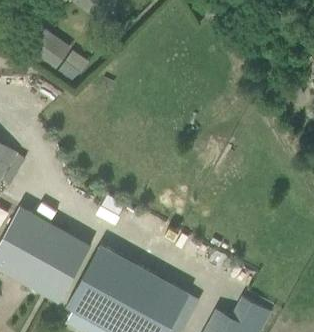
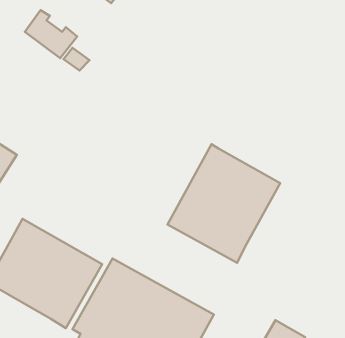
building: none -> [167,144,280,263]

